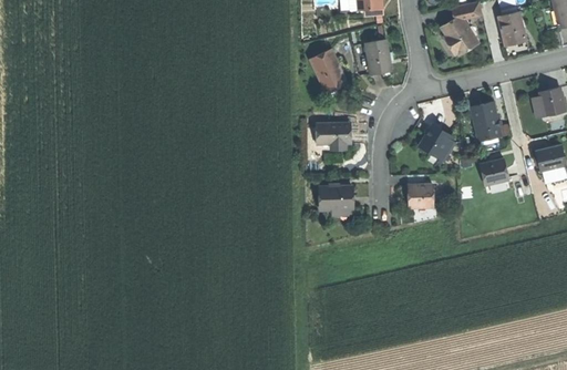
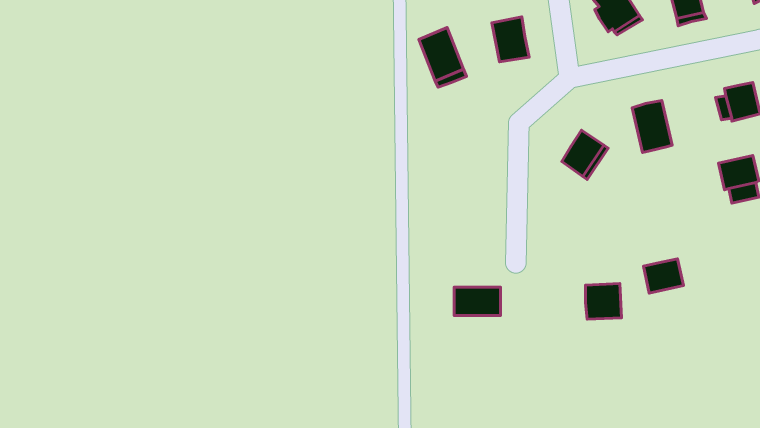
building: [326,123,351,147] -> none
building: [480,158,509,184] -> [643,259,684,293]
building: [406,182,433,208] -> [586,284,621,319]
building: [317,188,351,209] -> [454,287,500,316]

